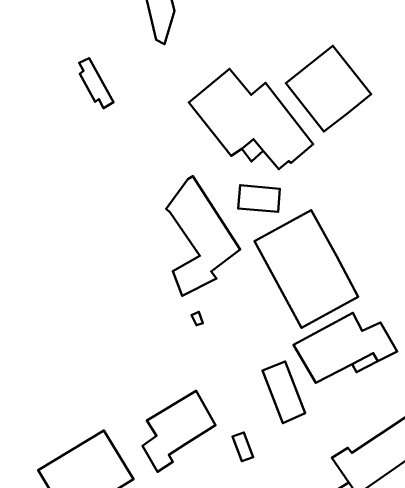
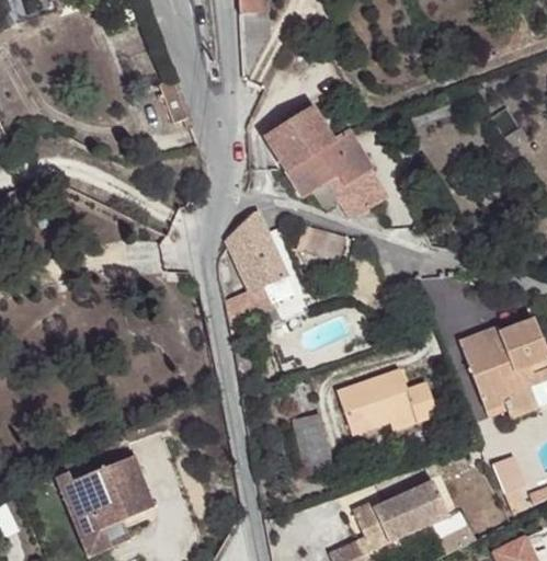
building: [286,46,371,131] -> none
building: [254,210,358,328] -> none
building: [143,391,215,472] -> none

